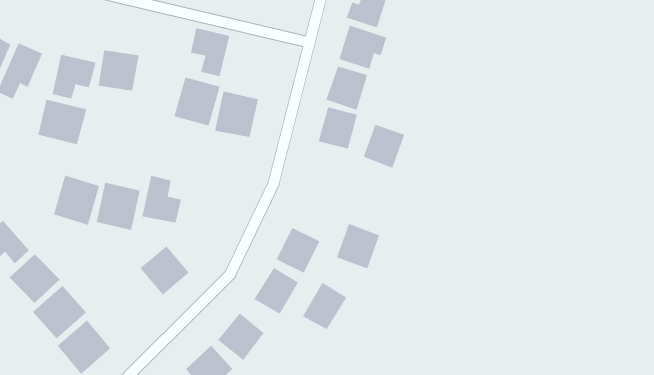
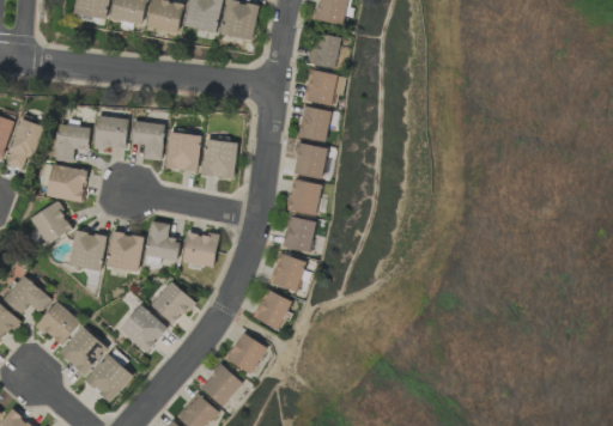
building: [190,28,230,77] -> [132,121,165,162]
building: [363,124,405,169] -> [286,179,321,217]
building: none -> [31,202,72,244]
building: none -> [183,232,217,266]
building: [336,223,380,269] -> [280,215,316,254]
building: none -> [119,304,168,353]
building: [302,282,347,330] -> none

